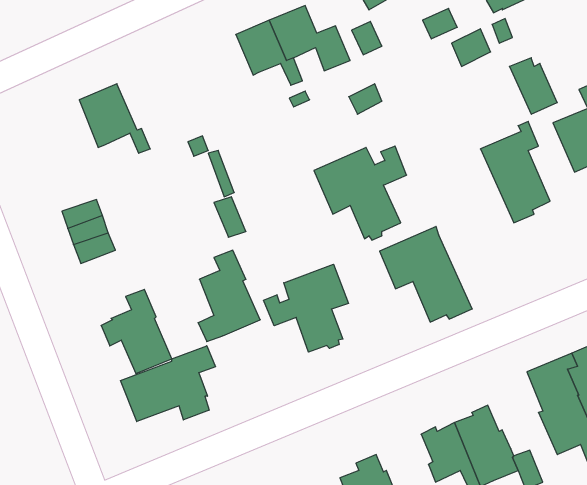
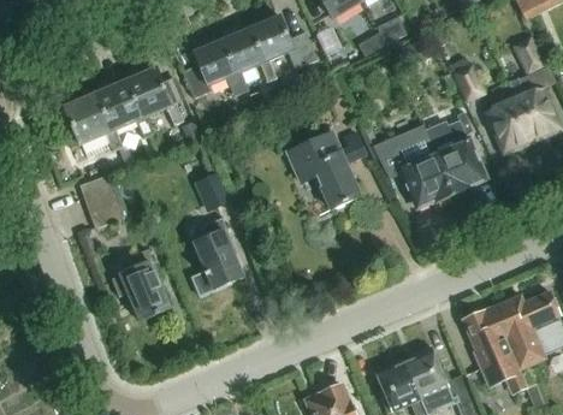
building: none -> [183,37,250,97]
building: none -> [124,65,183,123]
building: none -> [63,91,122,150]
building: [380,226,472,322] -> [377,125,454,204]
building: [264,264,349,352] -> none
building: [120,346,216,422] -> none

